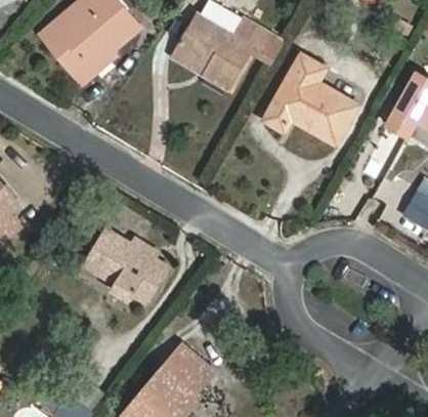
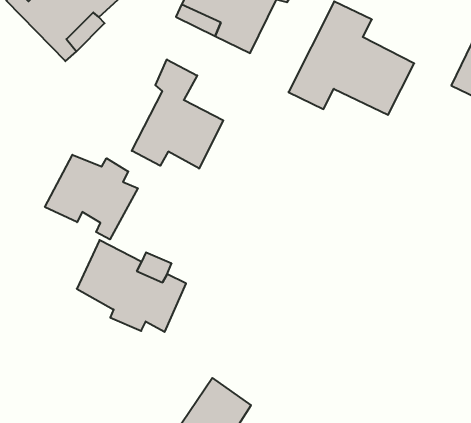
building: none -> [132,59,223,169]
building: none -> [45,155,138,239]

